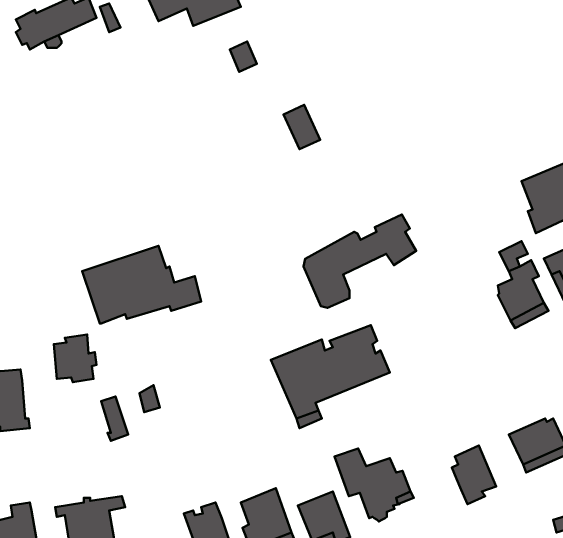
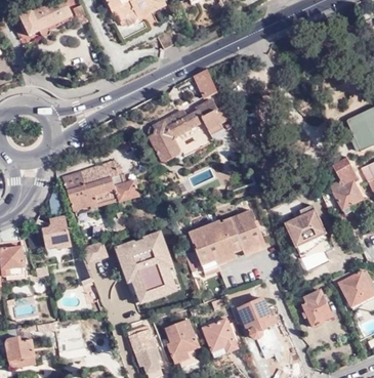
building: [304,214,416,308] -> [148,99,220,160]
building: none -> [287,210,327,245]
building: none -> [115,225,183,305]

